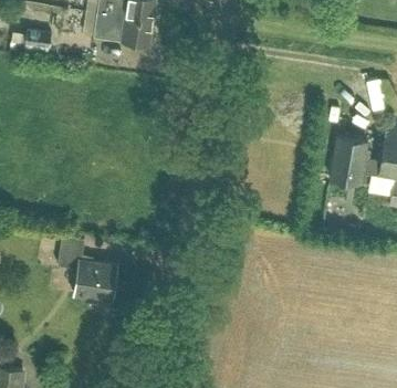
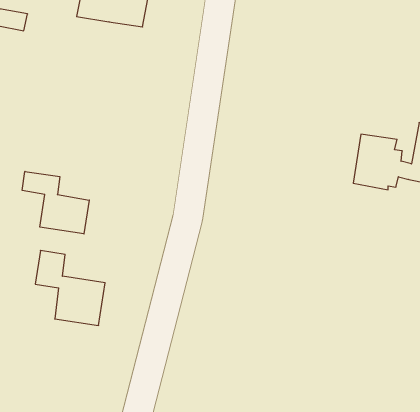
building: none -> [22,171,89,234]

